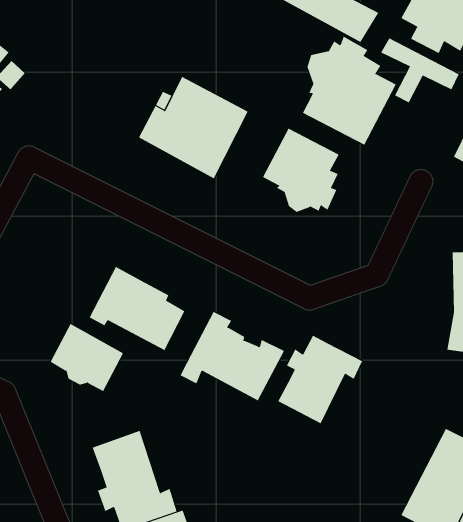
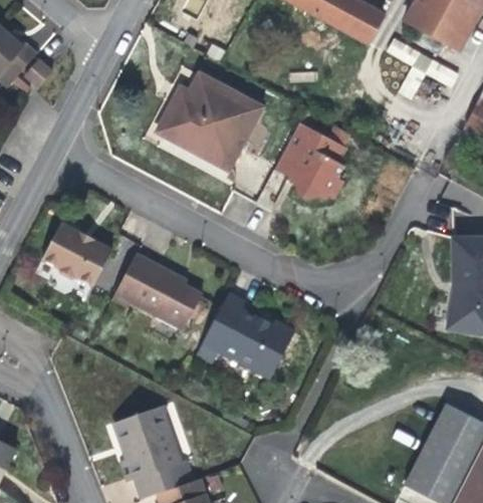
building: [302,36,397,146] -> none
building: [50,323,124,392] -> [42,222,111,286]
building: [278,335,363,424] -> none

